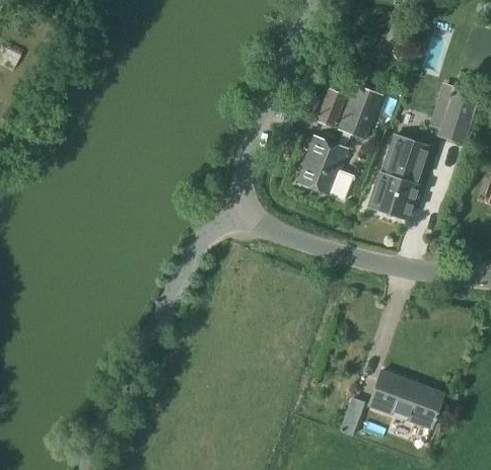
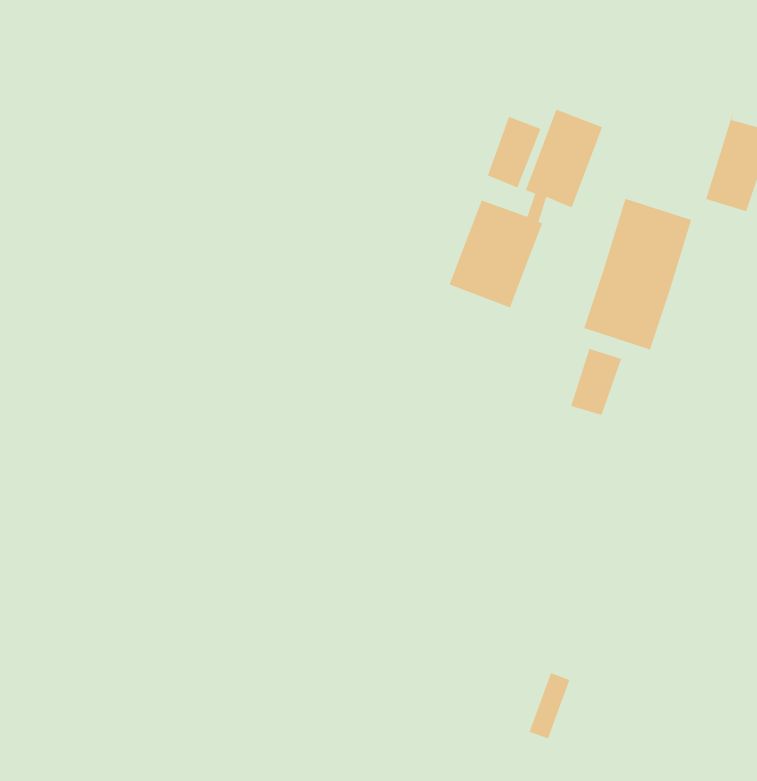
building: none -> [570,348,622,416]
building: [367,370,444,429] -> none

